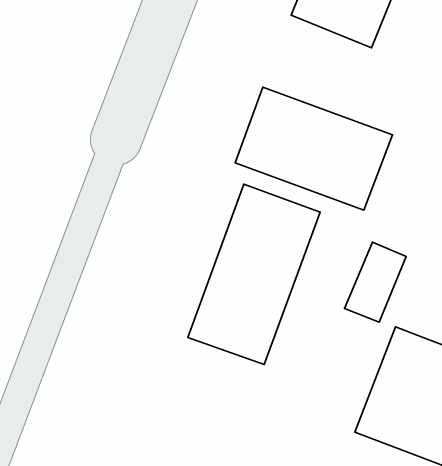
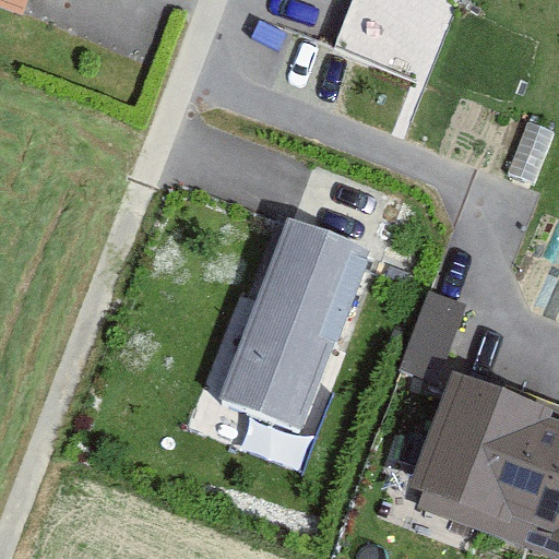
building: [235,87,392,210] -> none

